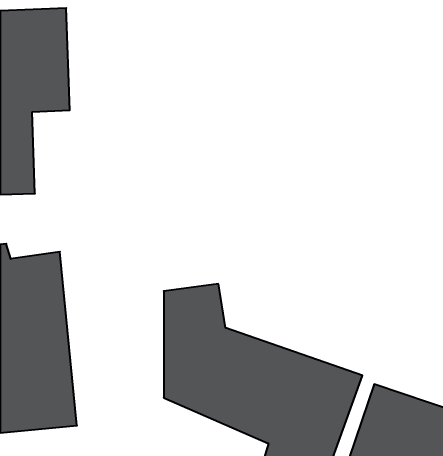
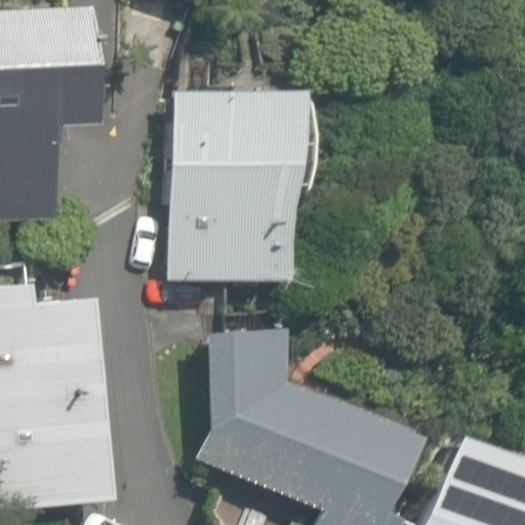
building: none -> [171,95,287,277]

